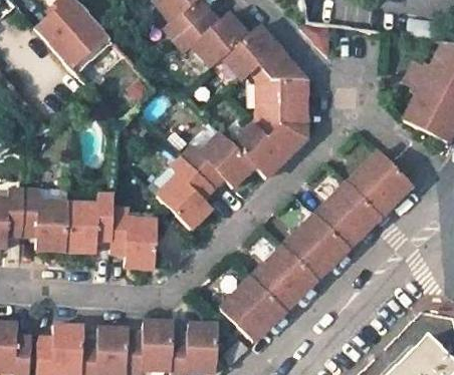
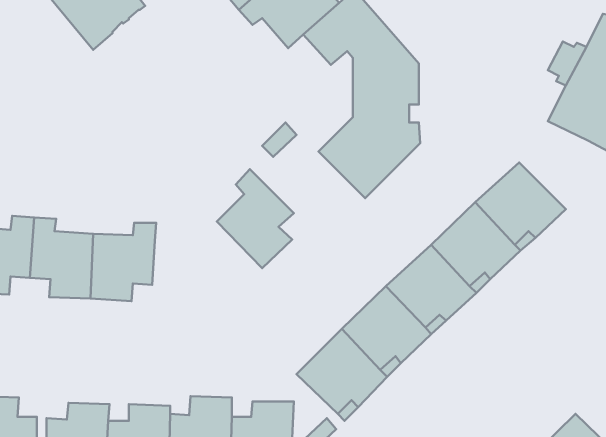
building: [184,130,256,188] -> none
building: [112,208,160,268] -> none

